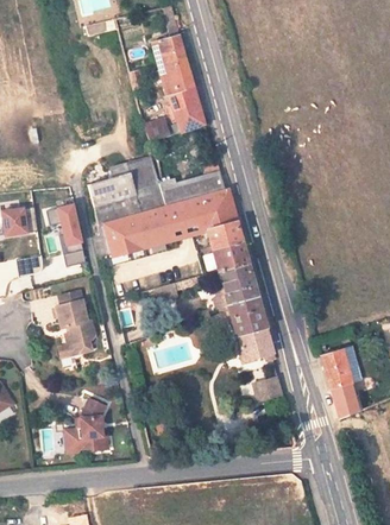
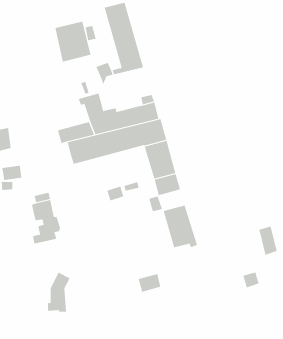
building: none -> [55,21,91,62]
building: [83,169,132,210] -> none
building: [57,207,84,249] -> none
building: [224,289,259,317] -> none
building: [323,352,348,391] -> [259,226,277,256]
building: [251,377,282,401] -> [138,274,161,292]

